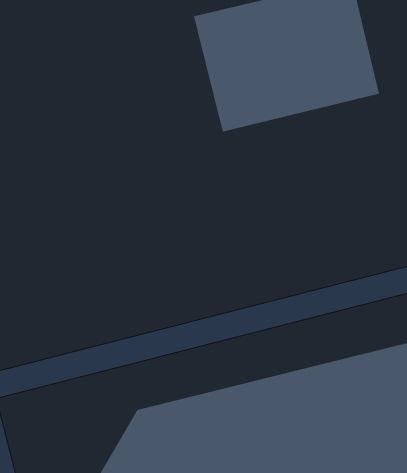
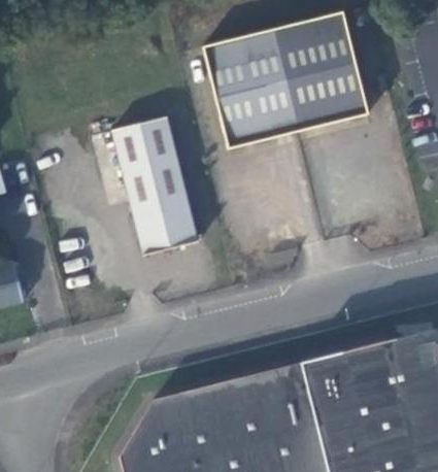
building: none -> [113,116,200,256]

